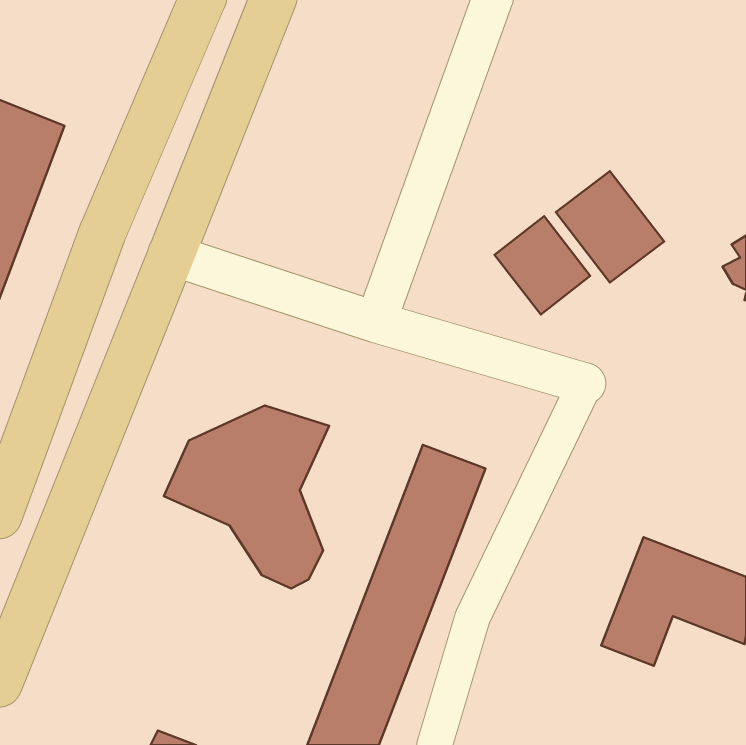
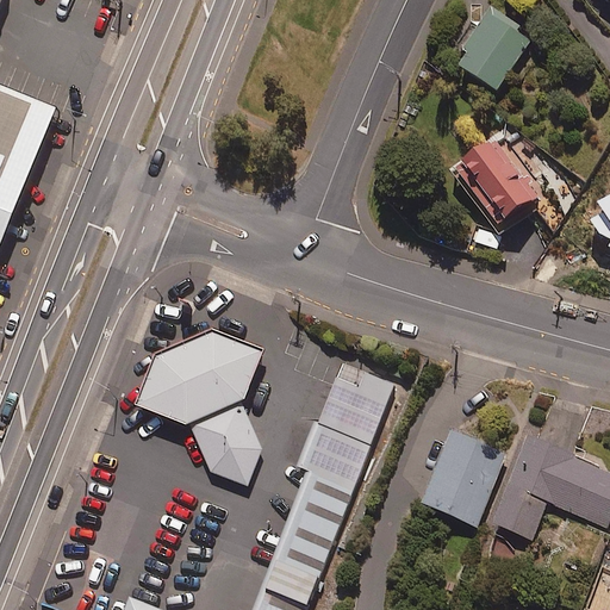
building: none -> [453,7,531,92]
building: [495,216,590,315] -> none
building: none -> [419,431,506,527]

